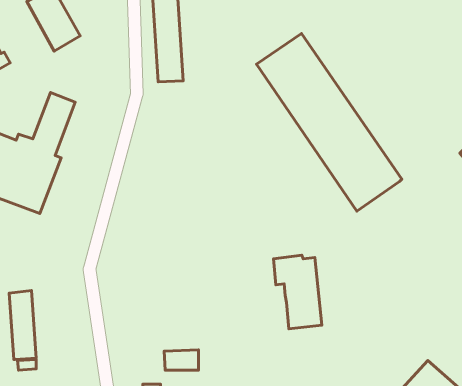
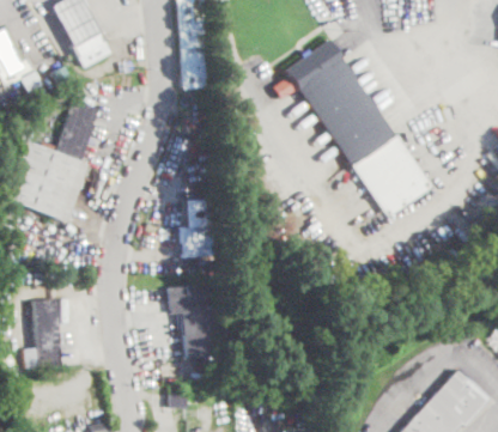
building: none -> [182,200,207,257]
building: [273,255,322,329] -> [169,285,218,359]

